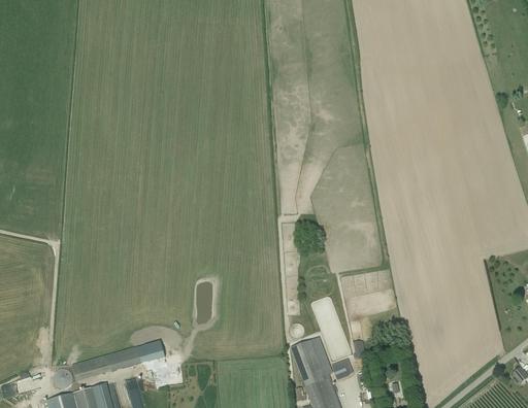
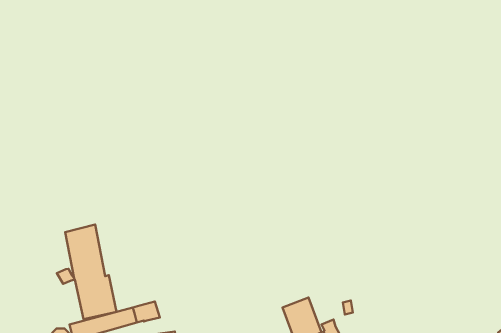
building: none -> [57,225,117,319]

